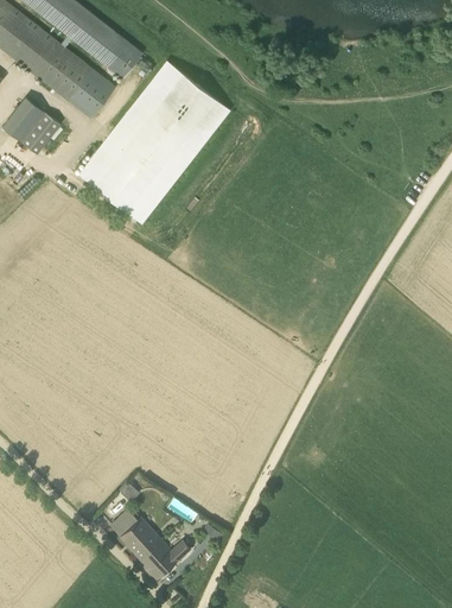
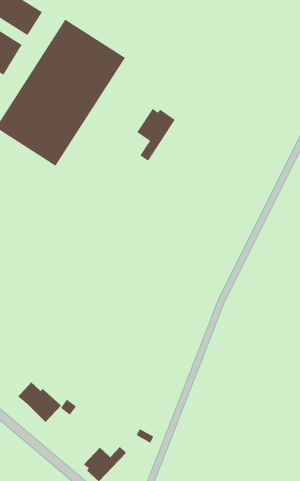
building: none -> [136,108,175,162]
building: [112,511,160,558] -> [18,382,62,423]

